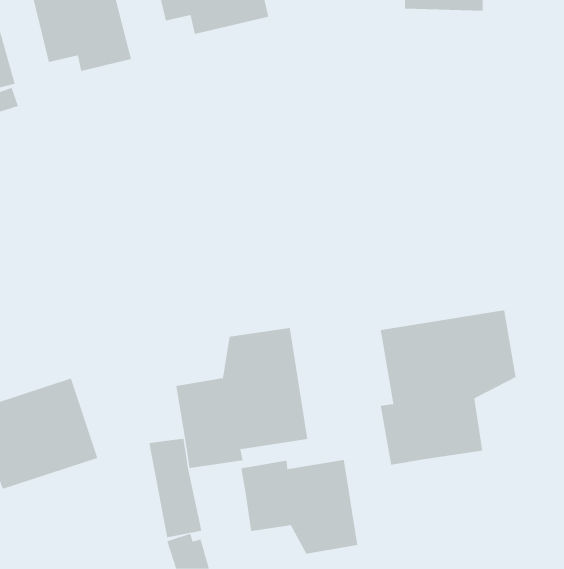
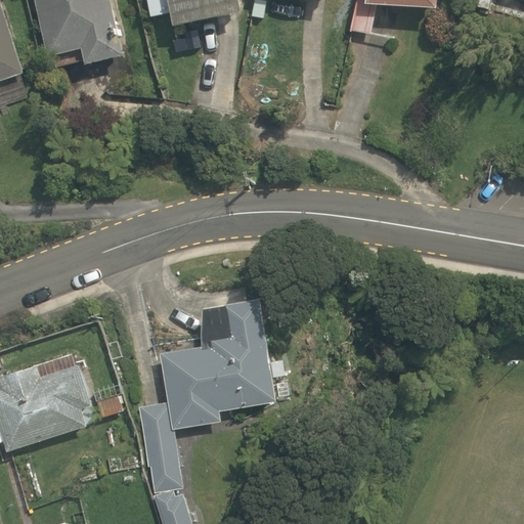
building: [380,310,516,466] -> none
building: [241,459,358,554] -> none

